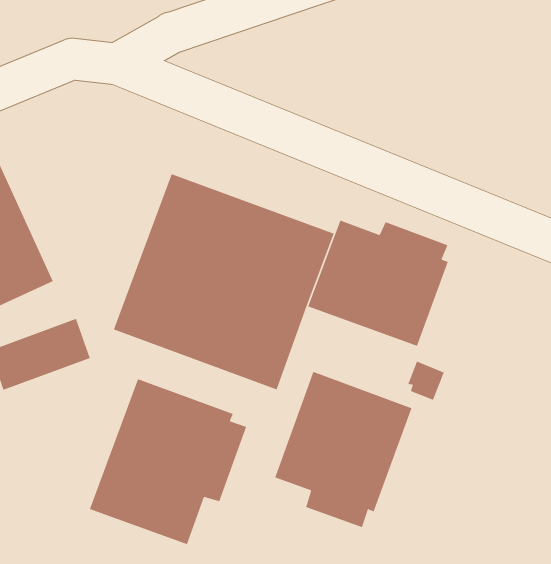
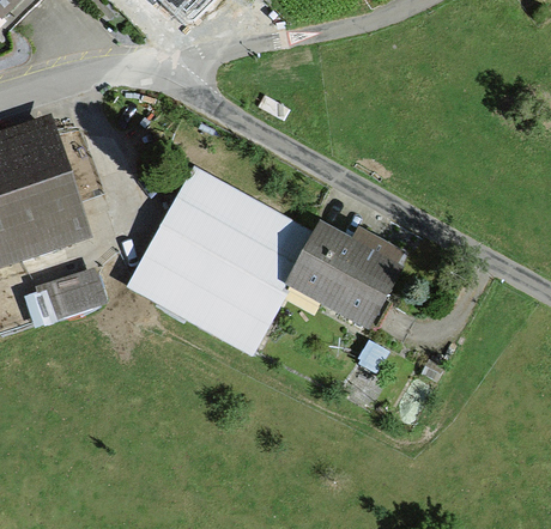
building: [274,371,413,528] -> none
building: [89,378,247,545] -> none

